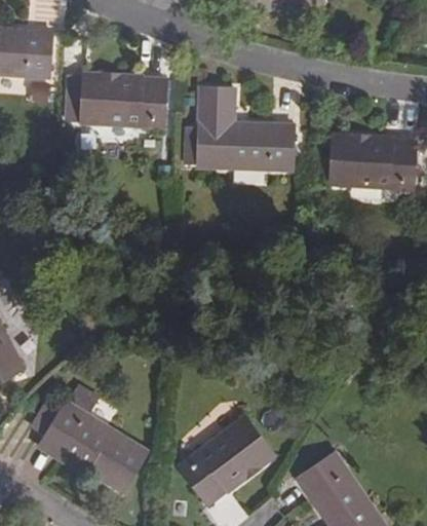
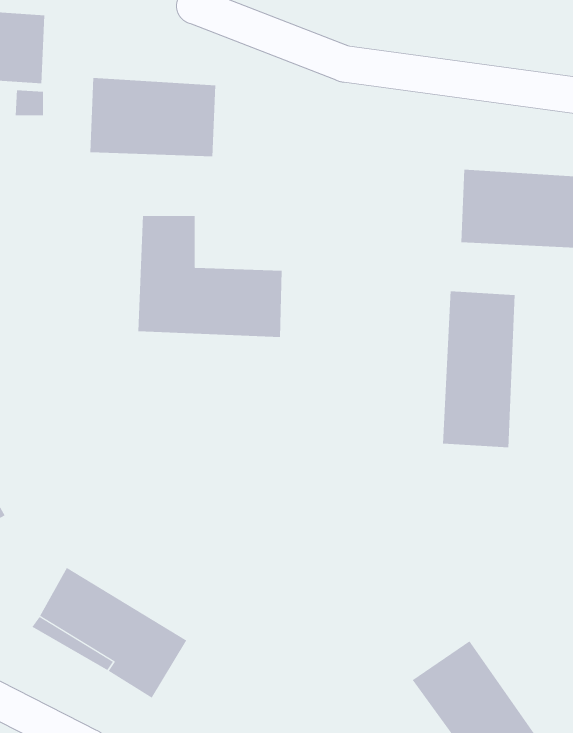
building: [195,87,293,170] -> [137,216,283,338]
building: none -> [442,291,515,448]
building: [179,415,273,504] -> none

